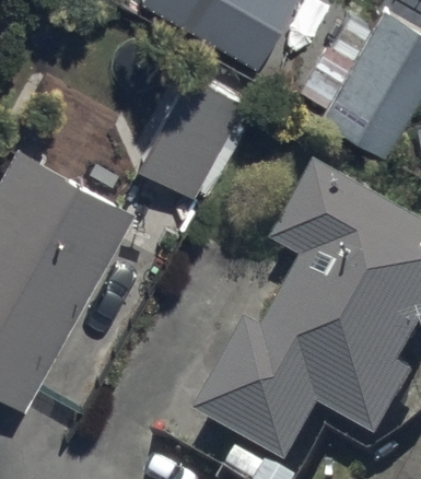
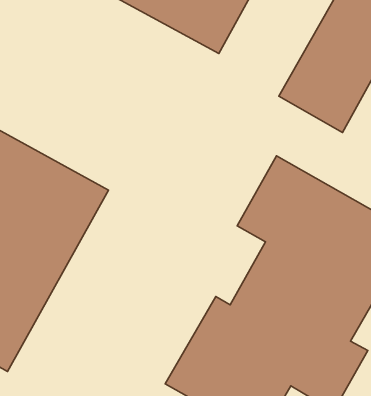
building: [125,70,250,201] -> none

